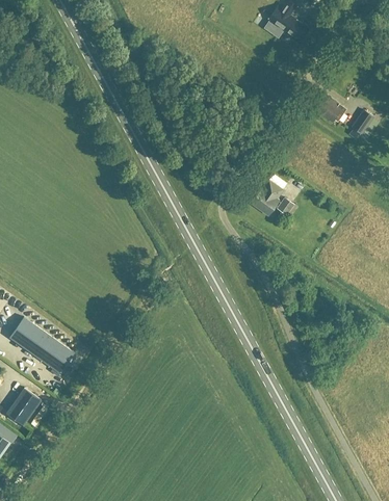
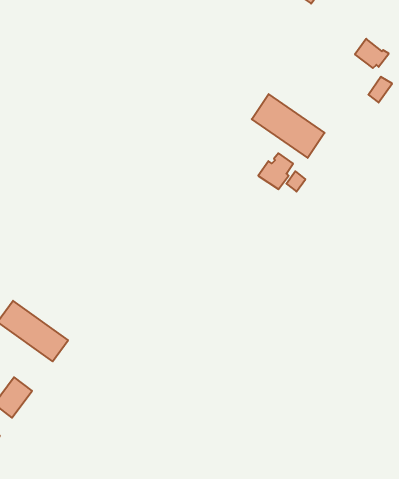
building: [315,95,346,122] -> [355,39,389,68]
building: none -> [252,94,325,158]

